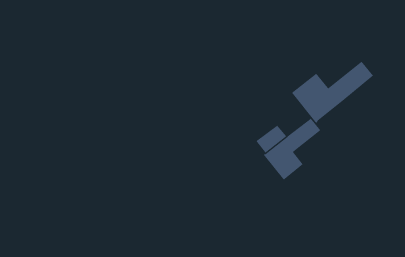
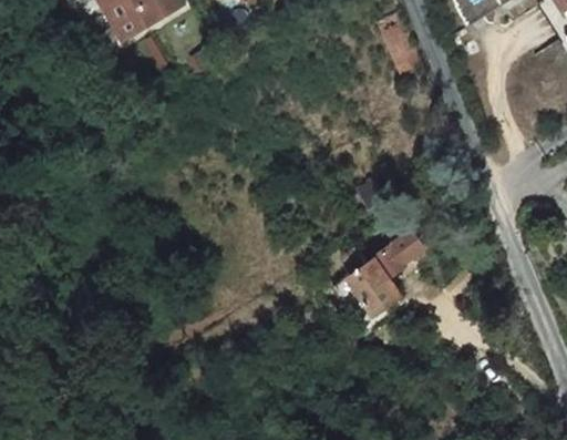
building: [291,61,374,124] -> none

